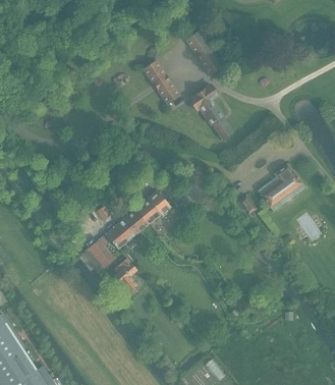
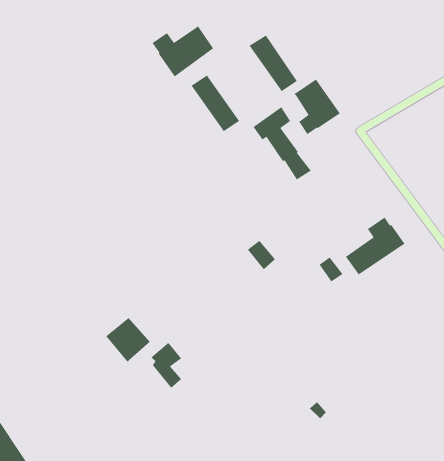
building: none -> [152,25,214,78]
building: none -> [293,79,341,135]
building: [105,190,169,250] -> none

